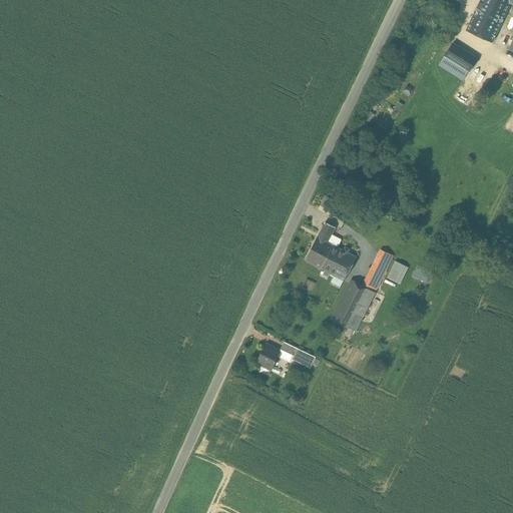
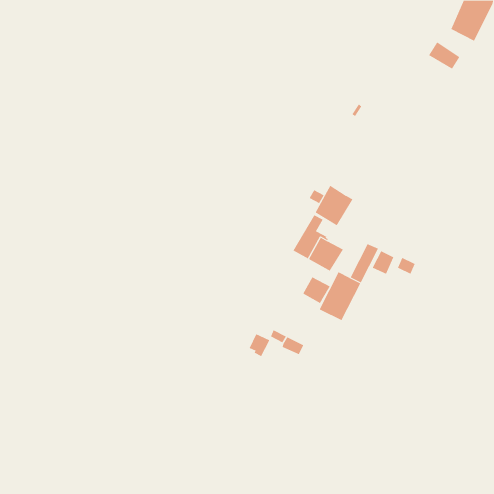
building: none -> [315,185,353,226]
building: none -> [302,276,331,304]

